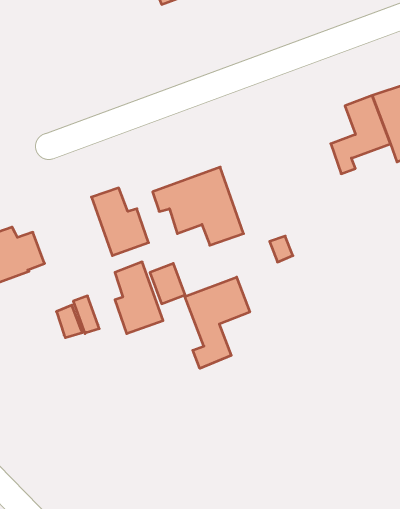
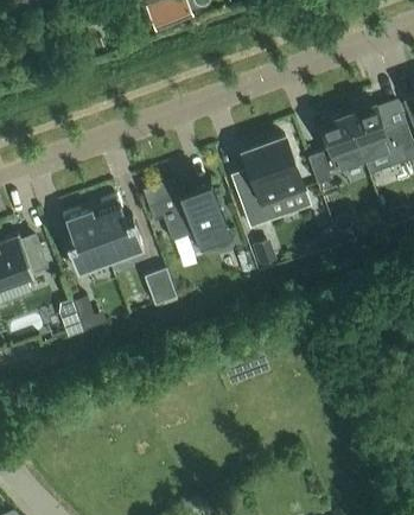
building: none -> [231,136,306,229]
building: [115,262,163,334] -> [66,209,110,274]
building: [185,277,250,368] -> none

